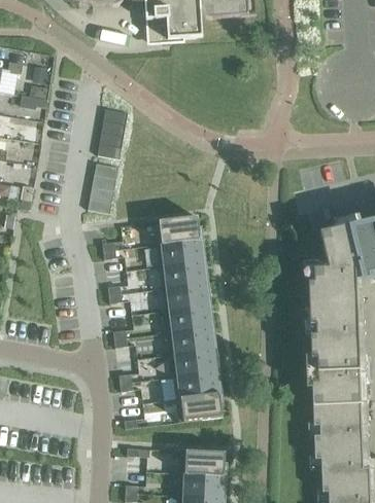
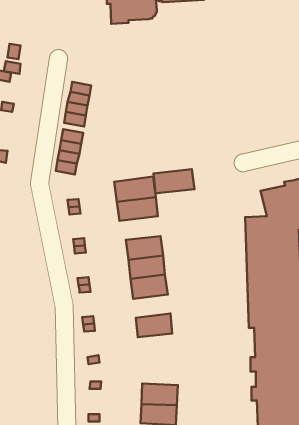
building: [160,260,206,288] -> [154,169,195,194]
building: [175,349,217,375] -> none
building: [180,393,223,421] -> none

